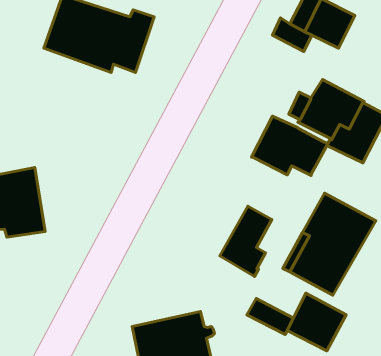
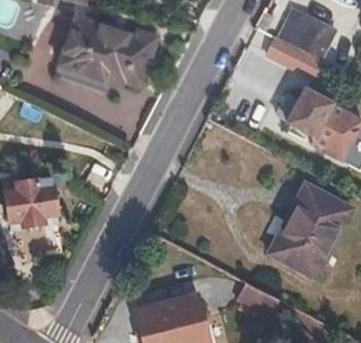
building: [252,116,328,176] -> none
building: [220,206,272,276] -> none
building: [287,293,346,351] -> none

